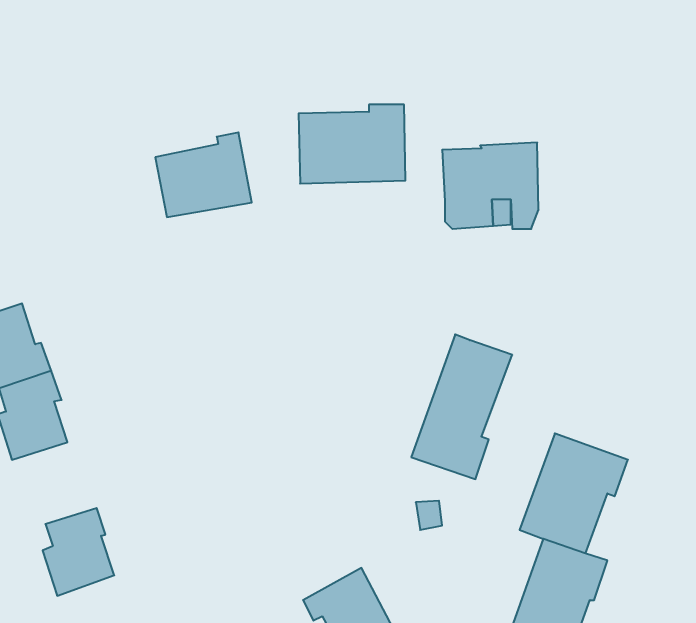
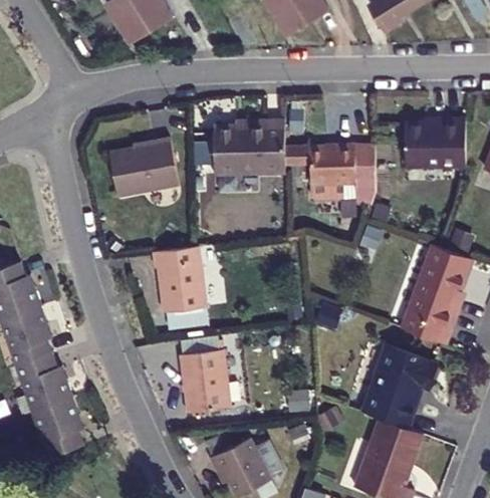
building: none -> [404,117,465,167]
building: none -> [152,247,206,315]
building: [411,334,512,479] -> [402,244,471,343]
building: none -> [187,335,236,412]
building: none -> [14,351,72,408]

